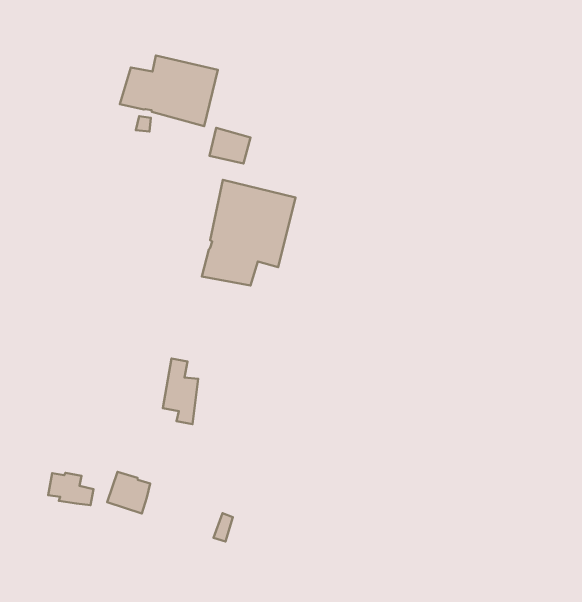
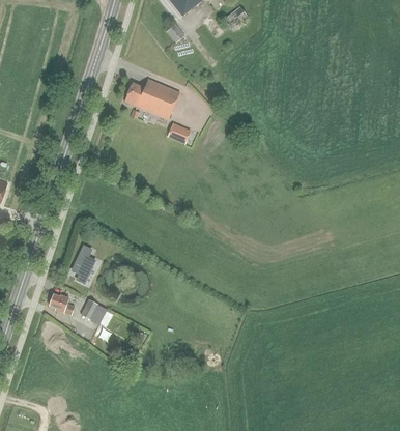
building: [202,180,296,286] -> none
building: [163,359,198,424] -> [72,242,93,280]

